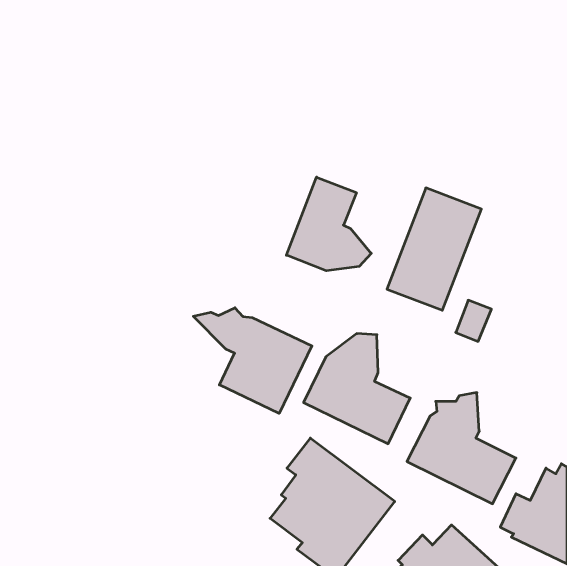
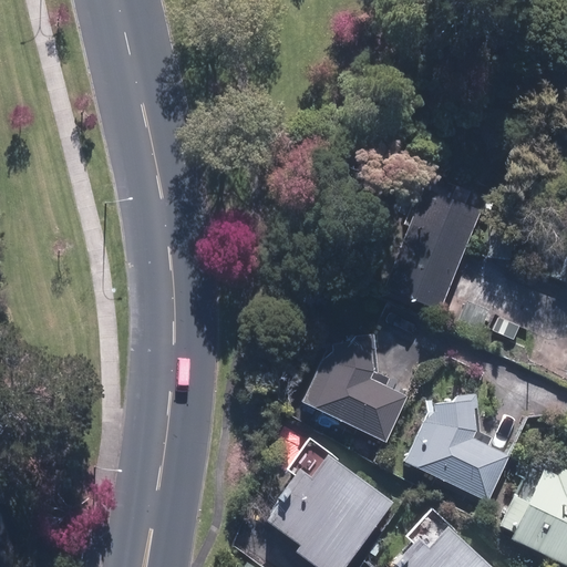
building: [286,177,371,271] -> none
building: [193,308,312,413] -> none

